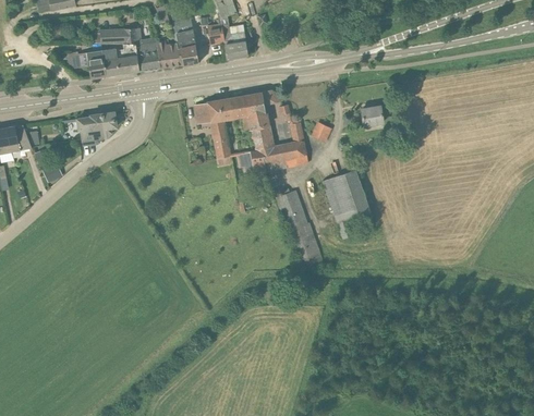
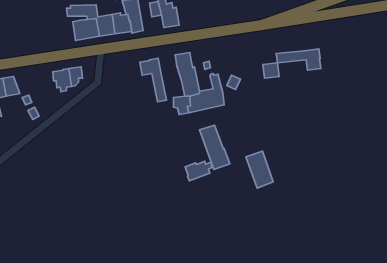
building: [66,50,106,77] -> none
building: none -> [276,49,321,70]
building: [218,95,250,131] -> none
building: [331,169,368,219] -> [246,151,273,188]
building: none -> [185,161,212,181]

